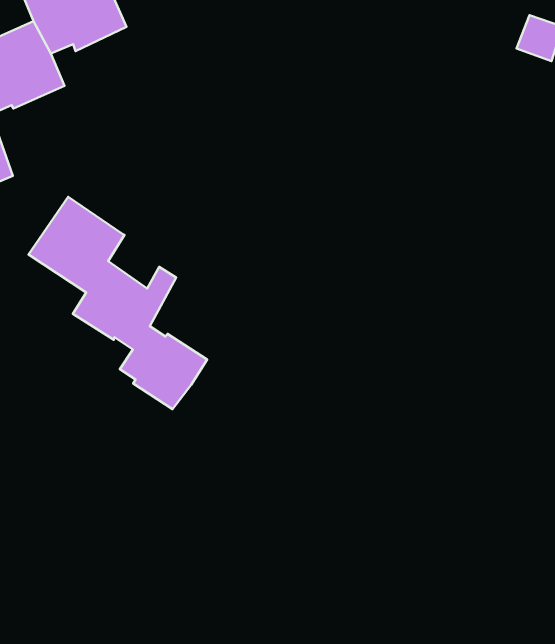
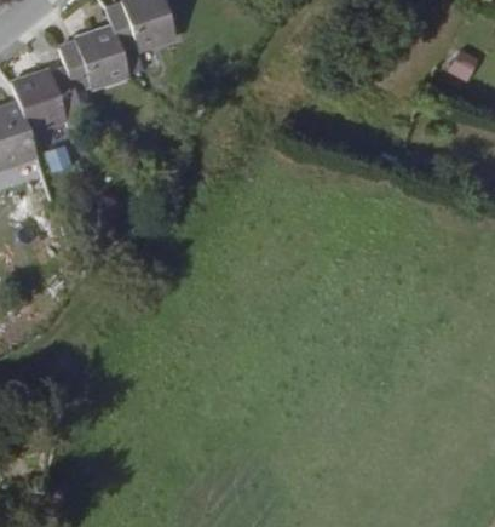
building: [28,197,207,409] -> none

